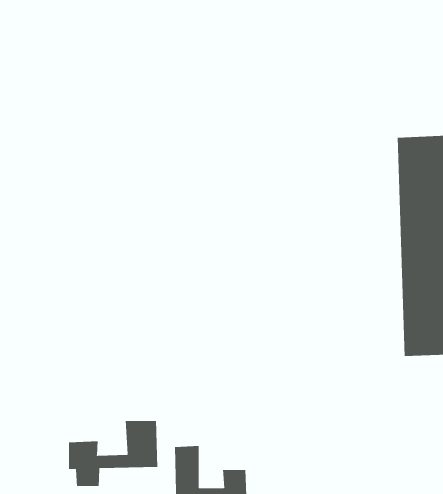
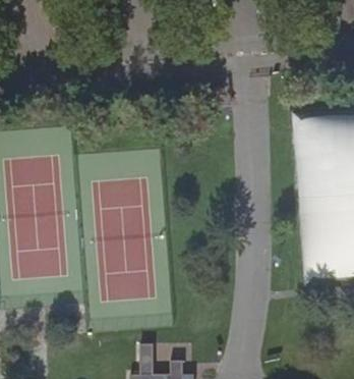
building: [68,420,158,487] -> none

